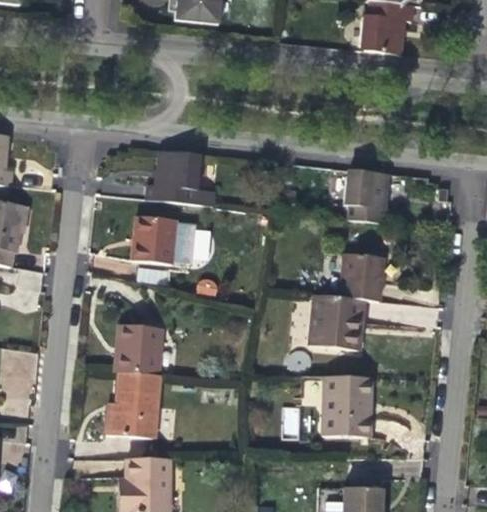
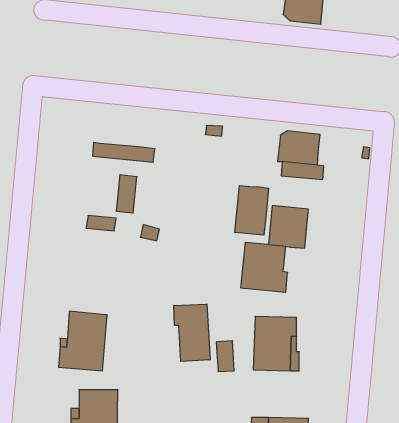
building: [152,149,199,189] -> none
building: [130,214,174,263] -> none
building: none -> [235,186,269,235]
building: [114,323,162,375] -> none
building: none -> [174,304,210,361]

